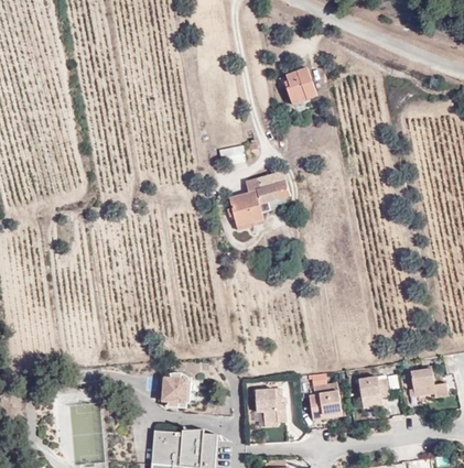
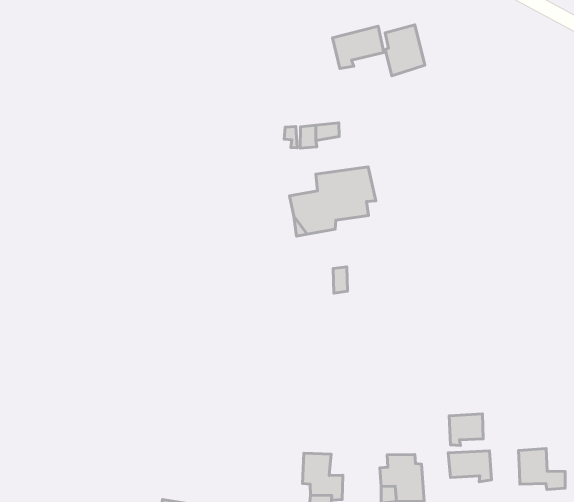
building: none -> [332,26,384,68]
building: none -> [449,414,483,446]
building: [163,373,191,400] -> none

